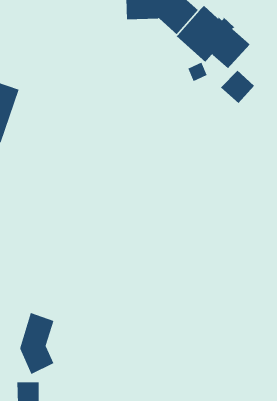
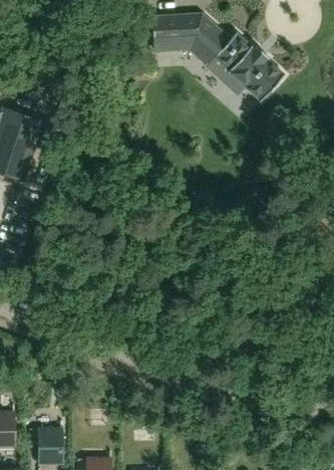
building: [220,70,255,104] -> none
building: [20,312,54,375] -> none

